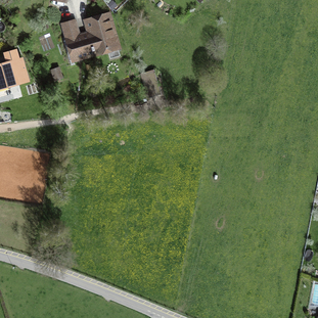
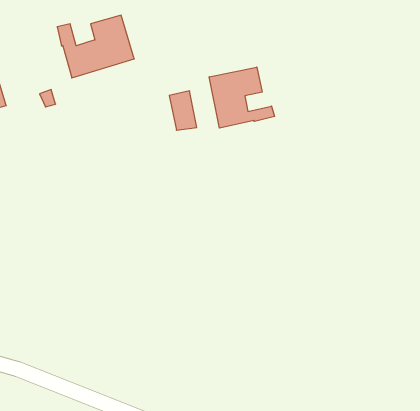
building: none -> [209,67,275,128]

